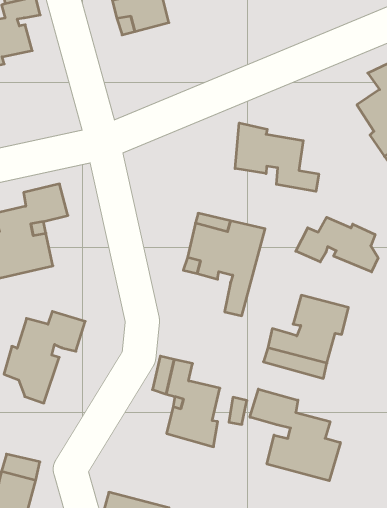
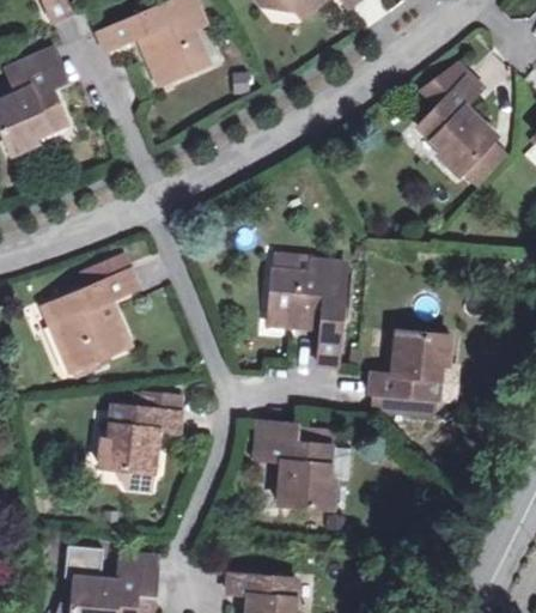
building: [235,123,319,191] -> none
building: [296,217,378,272] -> none
building: [250,389,340,481] -> none

